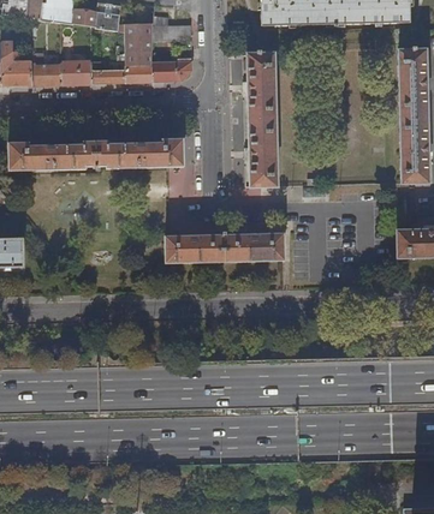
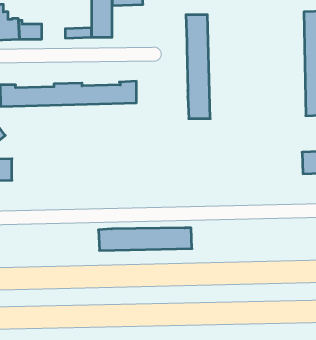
building: [153,60,194,82] -> none
building: [63,61,93,84] -> none
building: [166,233,286,262] -> [98,228,192,250]

